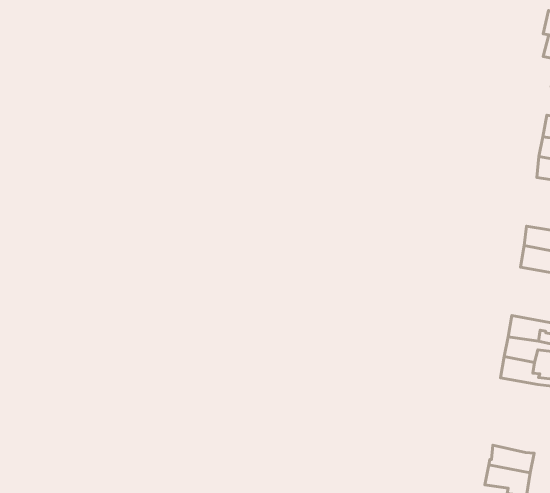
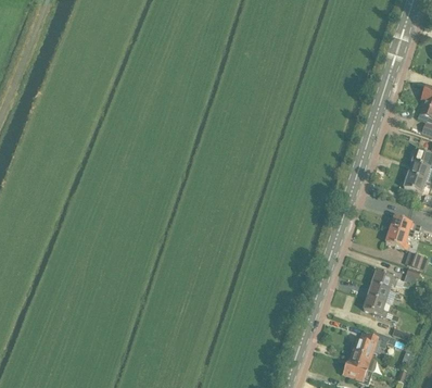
building: none -> [352,330,382,358]

